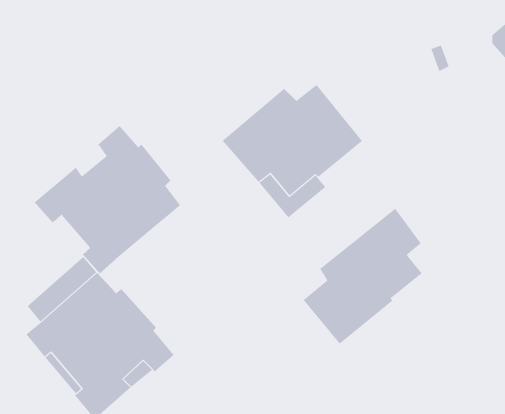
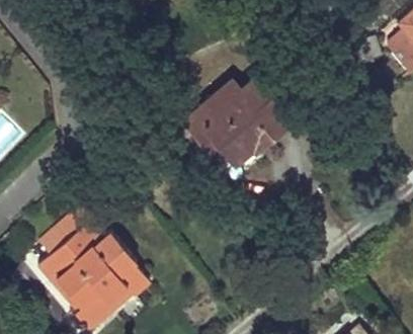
building: [34,125,181,274] -> none
building: [303,208,423,345] -> none

